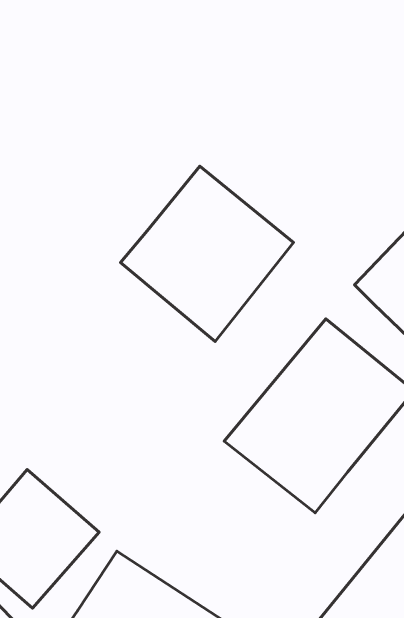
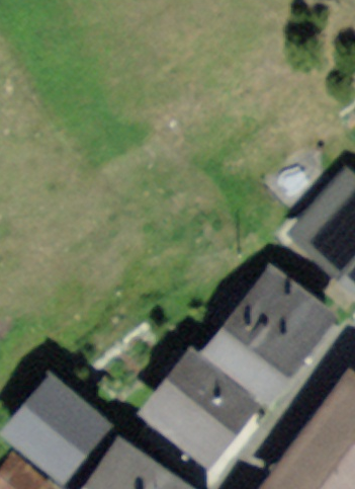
building: [120,166,293,342] -> none
building: none -> [143,347,266,468]

